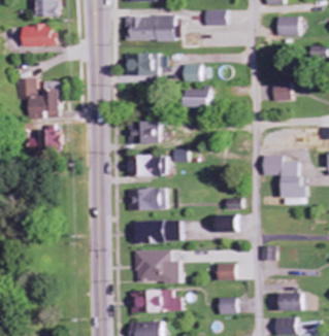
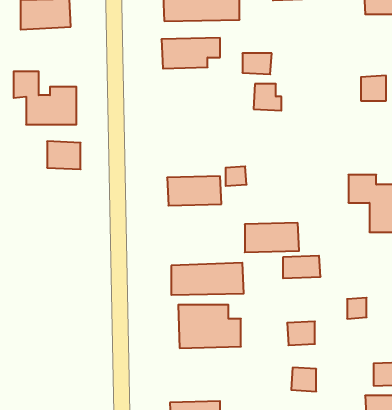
building: [127,122,159,143] -> none
building: [129,189,169,210] -> [245,223,299,252]
building: [132,290,187,312] -> none

